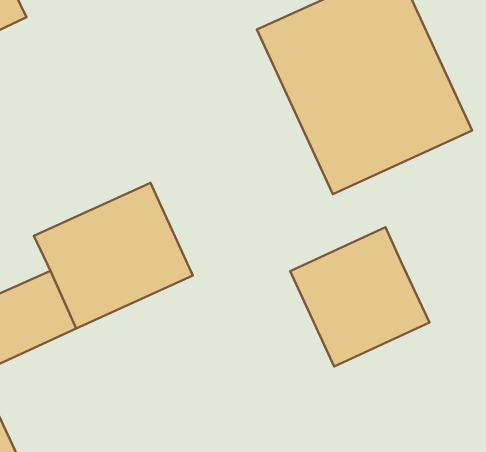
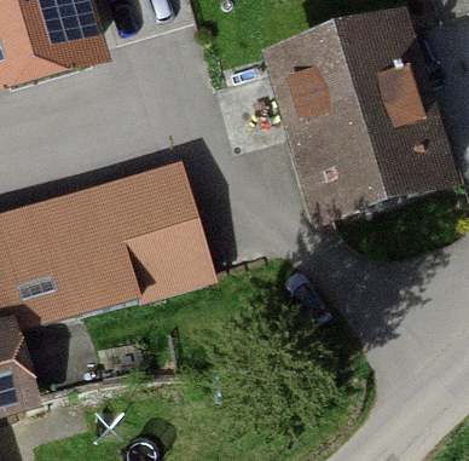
building: [290,227,430,367] -> none

